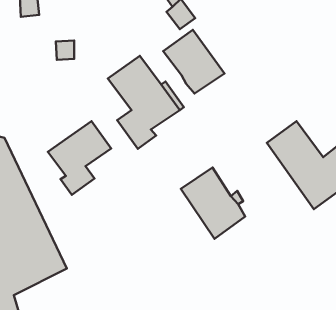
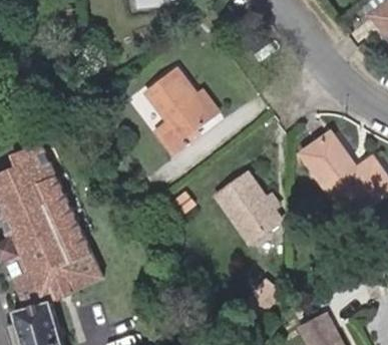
building: [163,30,224,94] -> none
building: [48,121,111,195] -> none

